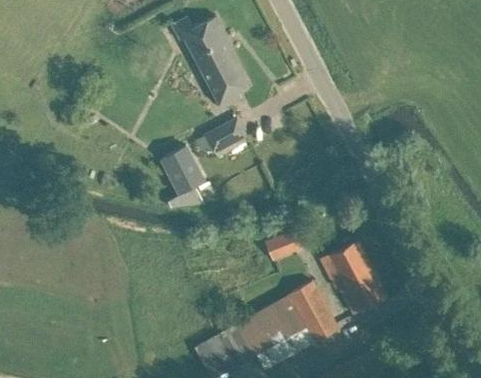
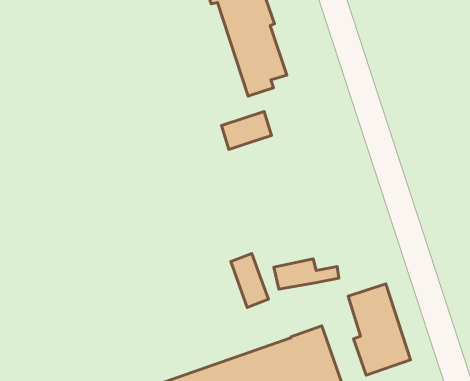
building: [160,145,203,195] -> none
building: none -> [231,253,268,308]

